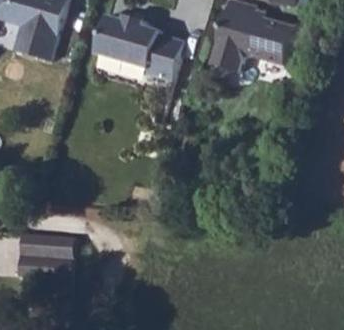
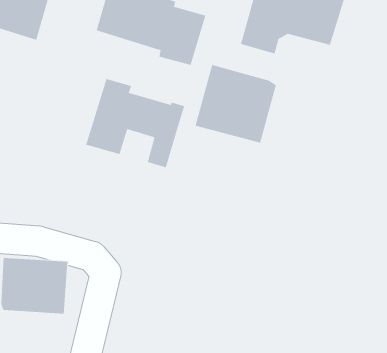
building: none -> [195,64,276,144]
building: none -> [85,78,185,168]

